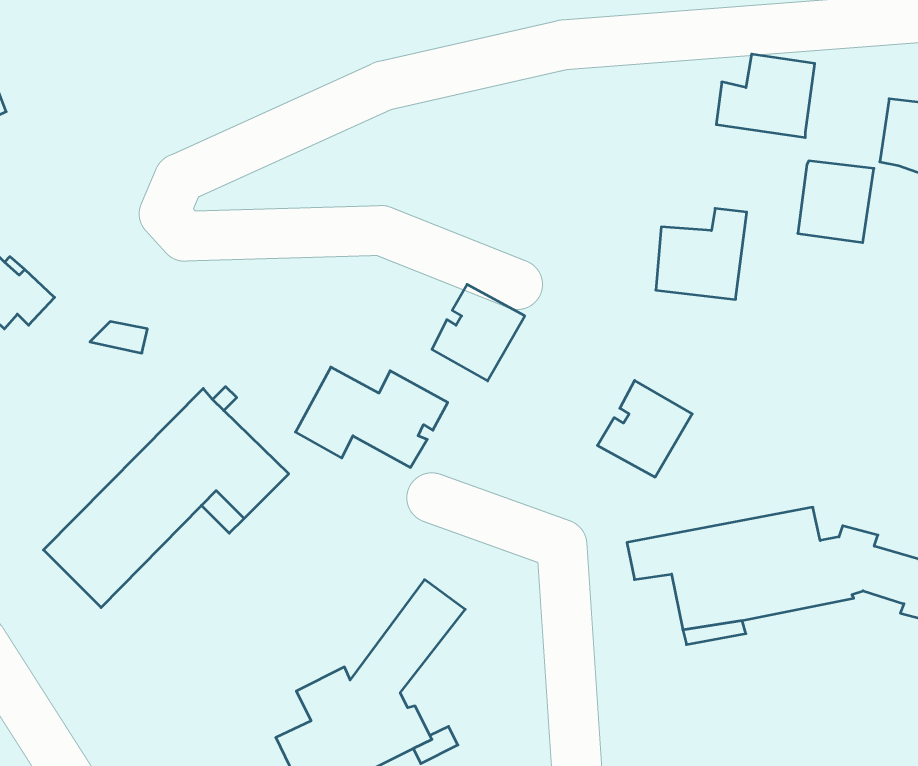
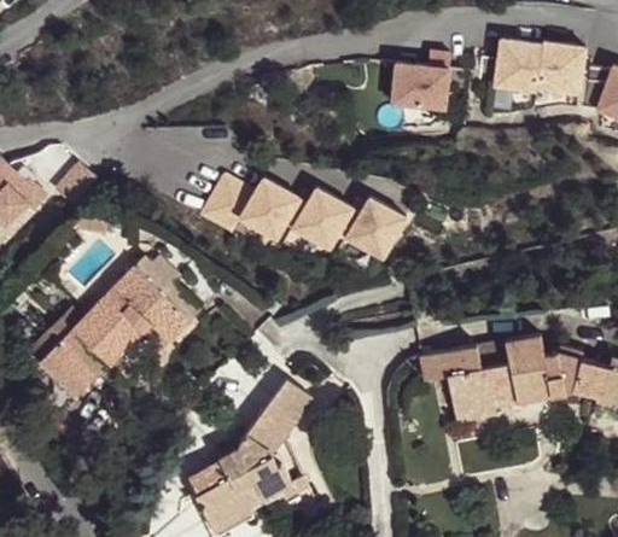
building: [798,161,874,243] -> [536,43,585,97]
building: [656,208,747,299] -> [392,45,451,104]
building: [295,367,448,467] -> [202,177,301,243]
building: [597,380,692,477] -> [345,198,407,261]

